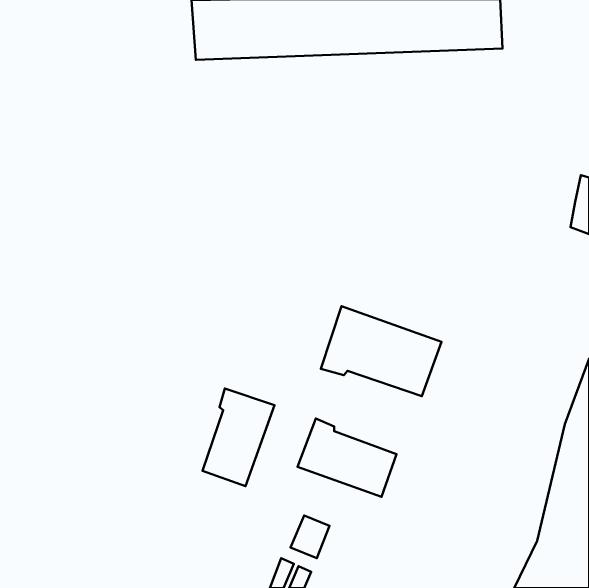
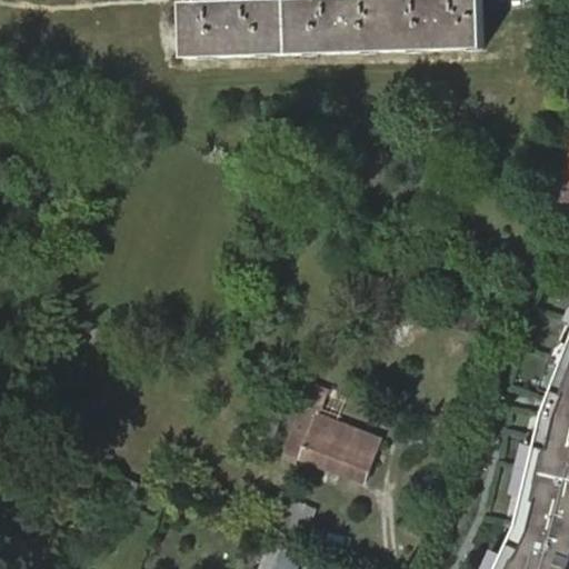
building: [321,306,442,396] -> none
building: [202,388,274,486] -> none

